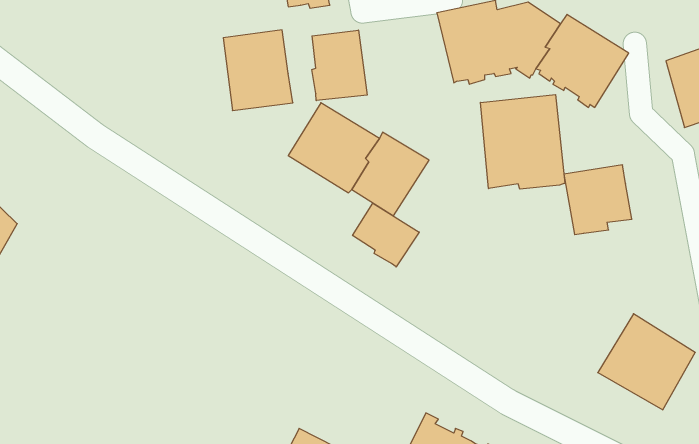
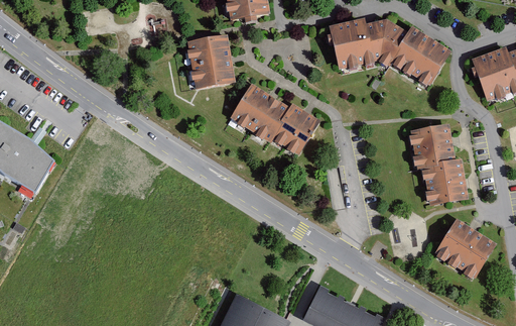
building: [312,30,367,101] -> none
building: [480,95,565,189] -> none
building: [353,203,419,267] -> none
building: none -> [422,157,467,205]

